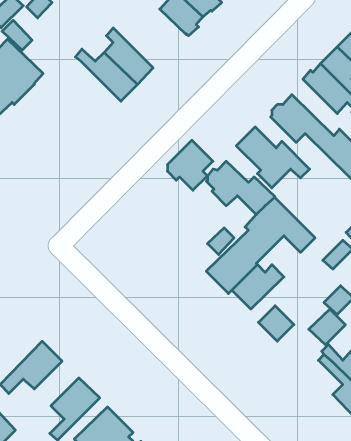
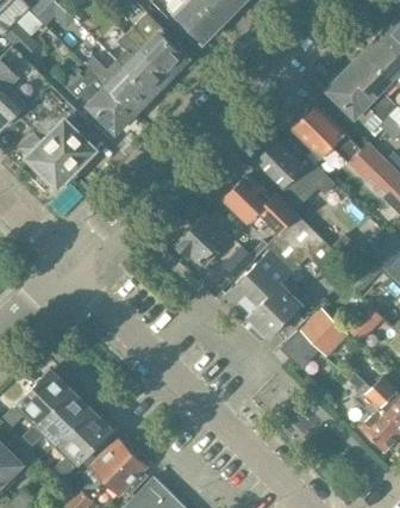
building: none -> [124,12,188,76]
building: none -> [79,69,132,132]
building: none -> [18,82,99,184]
building: [167,140,213,190] -> [176,213,225,267]
building: [309,309,345,345] -> [300,309,339,347]
building: none -> [23,391,87,445]

